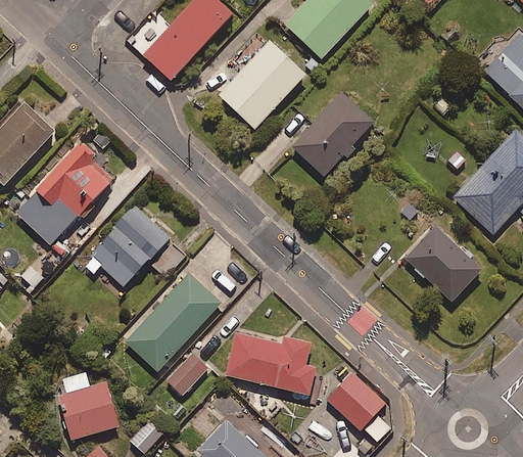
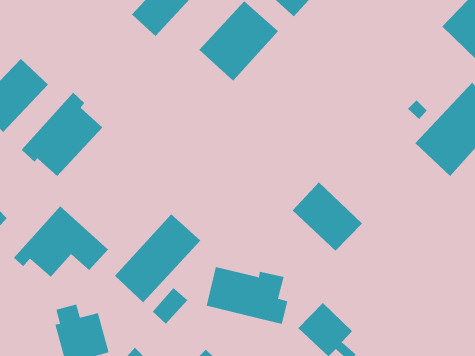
building: [291,91,375,176] -> none
building: [83,207,187,285] -> [13,205,109,277]
building: [403,225,481,302] -> [292,181,363,251]

